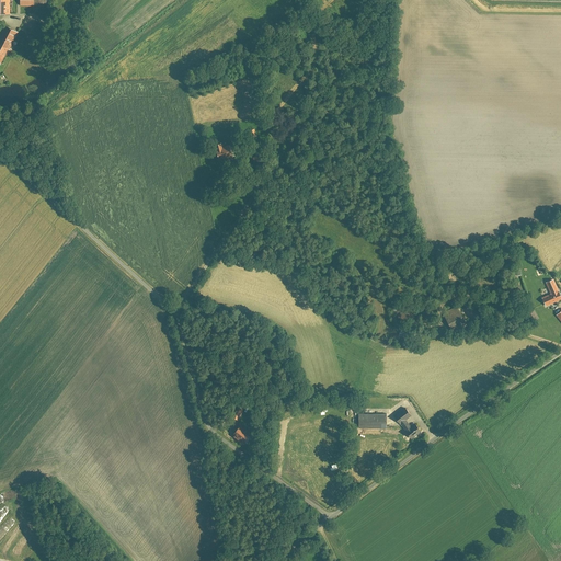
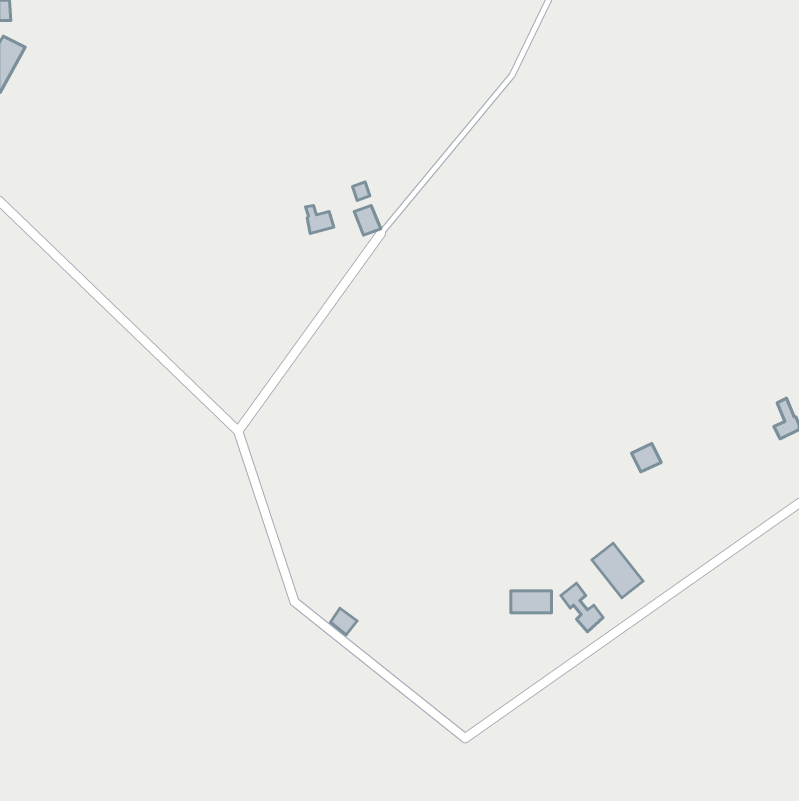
building: none -> [592,543,643,598]

